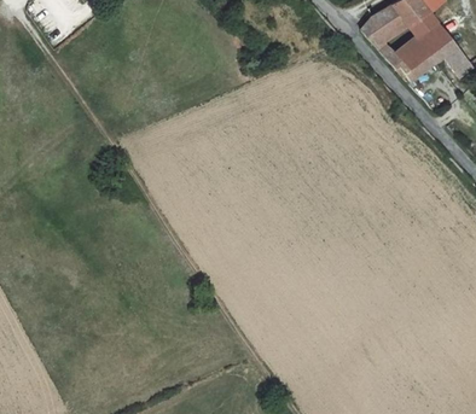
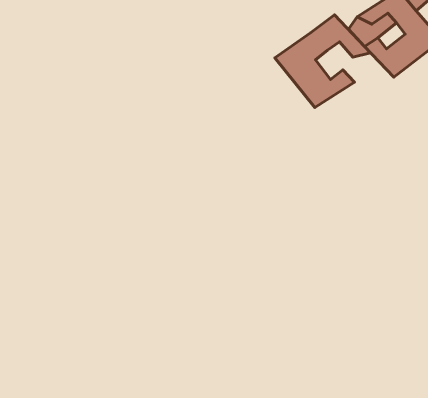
building: none -> [275,15,371,107]

